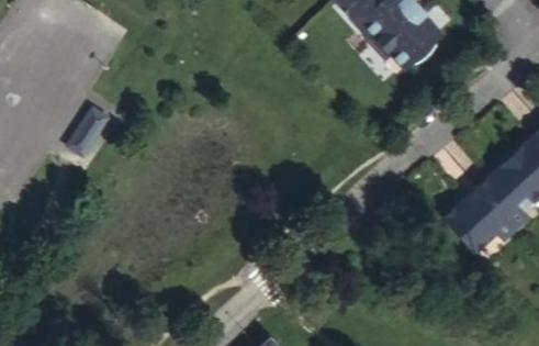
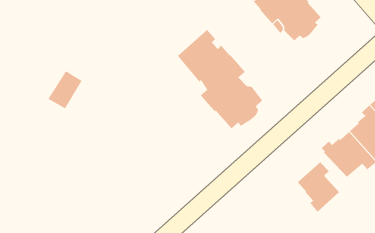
building: none -> [177,29,263,129]
building: none -> [297,161,340,212]

